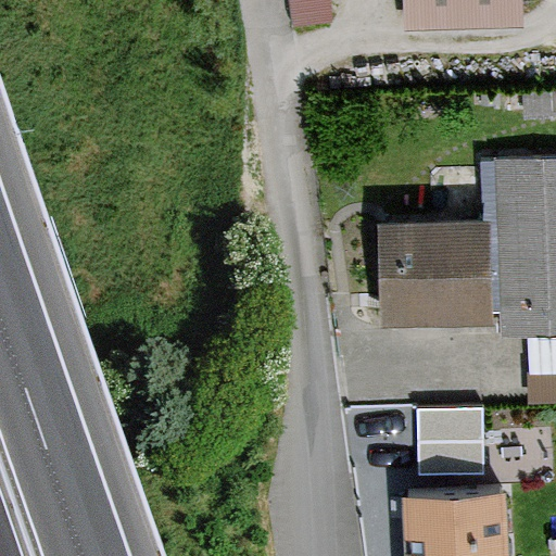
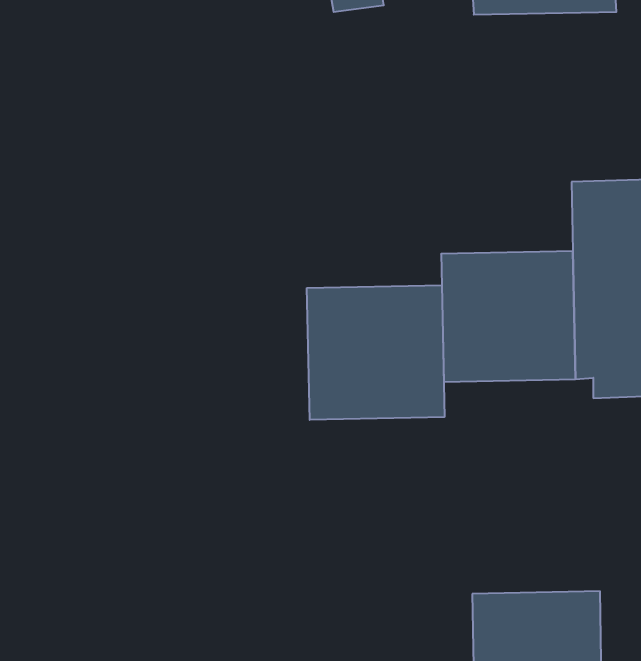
building: none -> [307,285,444,420]
building: [418,403,491,462] -> none

